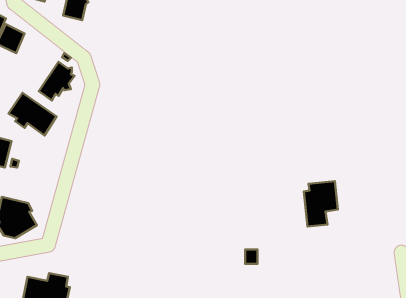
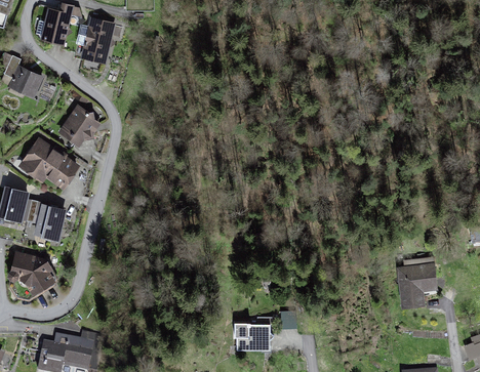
building: none -> [36,204,64,237]
building: [304,181,338,226] -> [398,256,435,305]
building: none -> [235,317,273,346]

